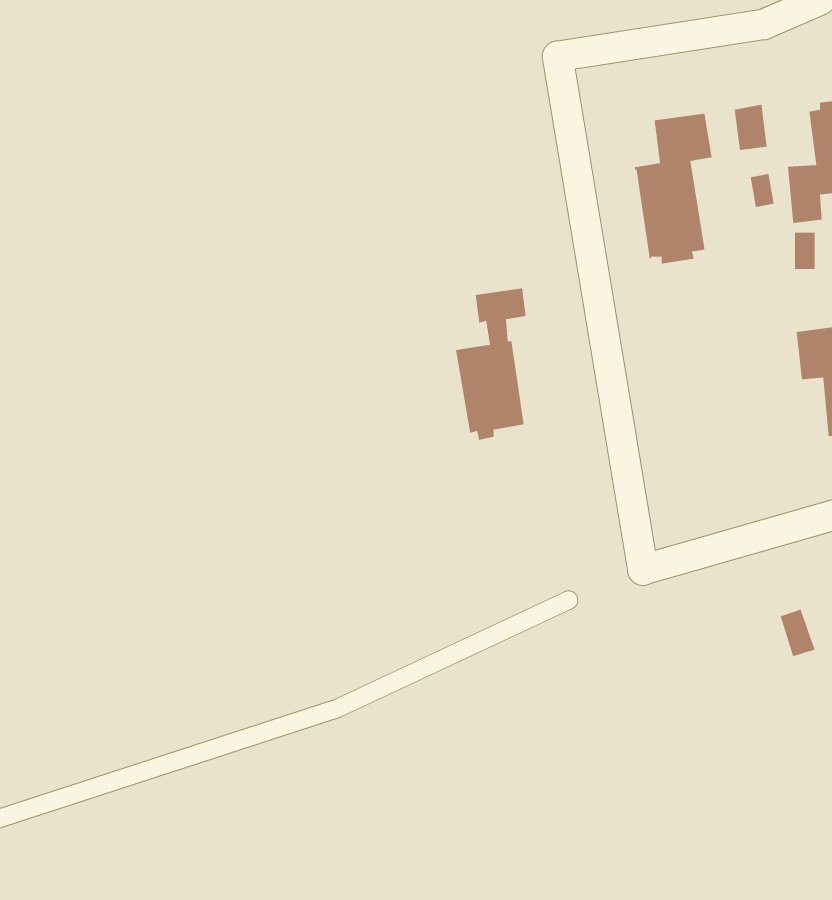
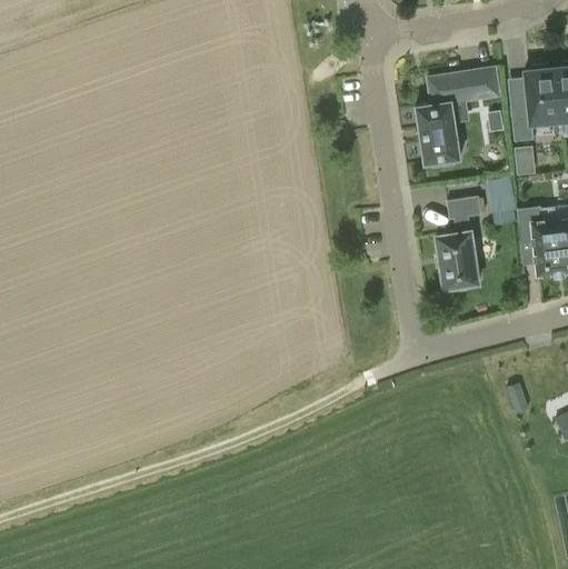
building: none -> [487,176,517,223]
building: [455,288,526,440] -> [436,198,480,293]

